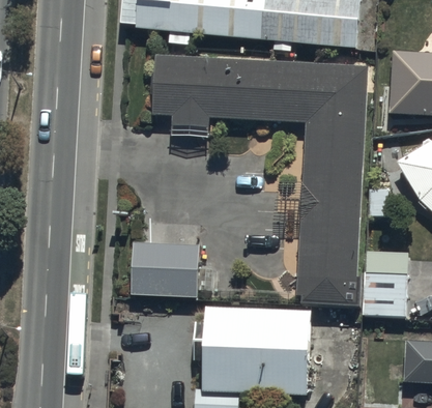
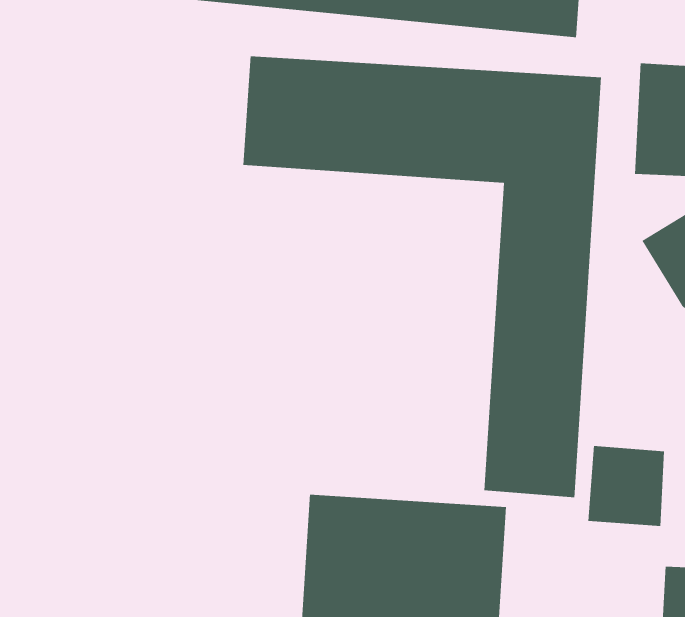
building: [132,241,199,295] -> none

